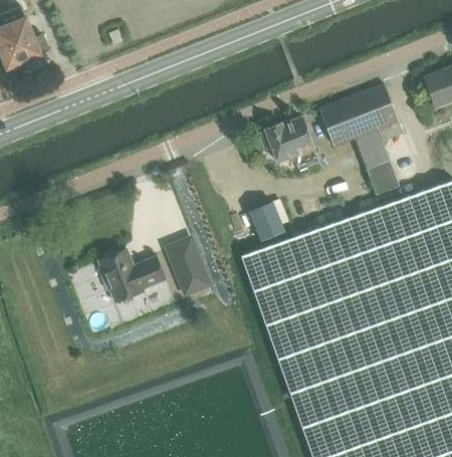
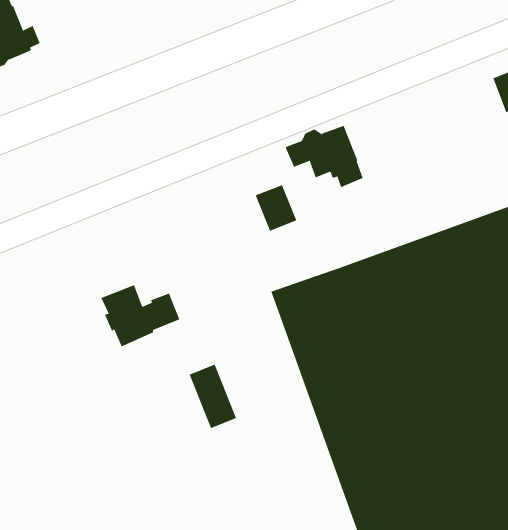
building: [320,84,404,195] -> none
building: [250,202,285,241] -> [255,184,297,232]
building: [168,239,208,293] -> [189,364,237,429]

